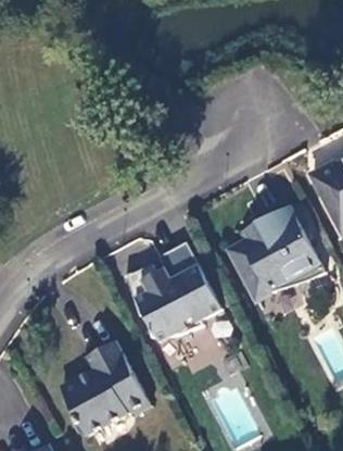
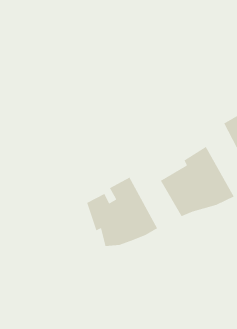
building: [62,340,151,436] -> none

